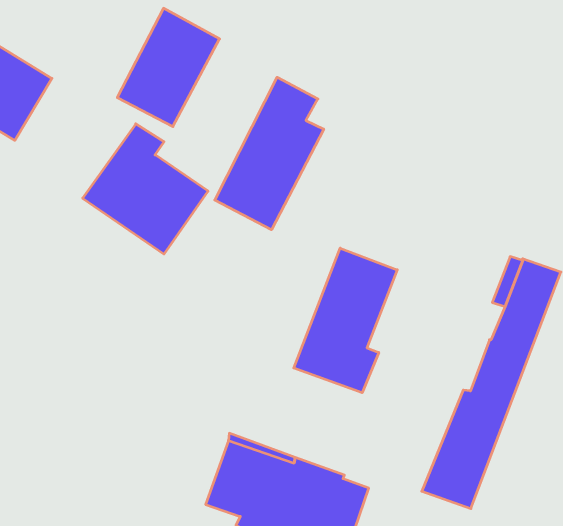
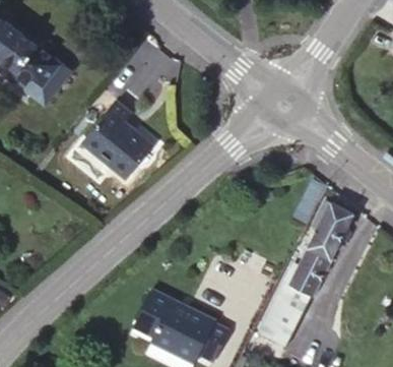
building: [215,77,324,230] -> none
building: [294,248,397,393] -> none

